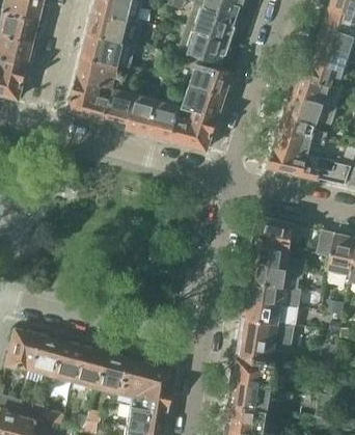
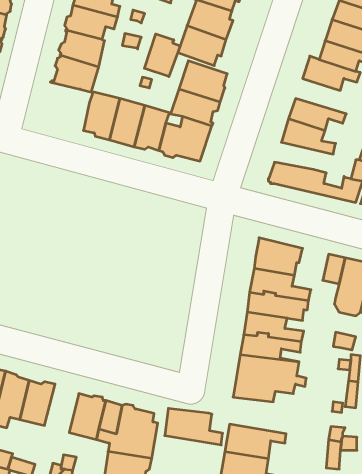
building: none -> [144,34,180,77]
building: [292,76,339,107] -> none
building: [67,79,110,121] -> none
building: [273,132,325,156] -> none
building: [71,345,101,387] -> none
building: [234,356,284,388] -> [165,408,223,445]

